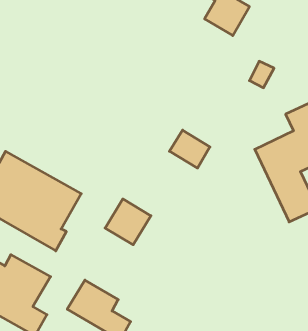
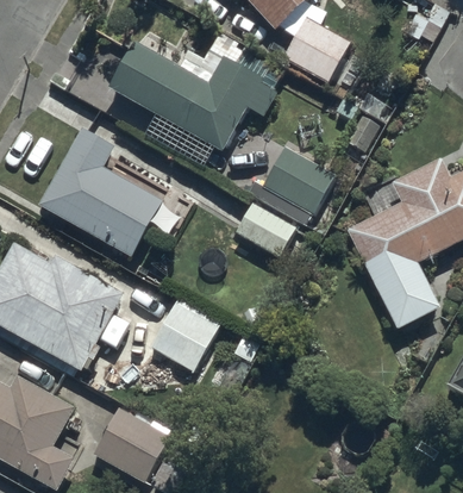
building: none -> [113,48,270,148]
building: none -> [39,133,158,257]
building: none -> [268,149,333,213]

